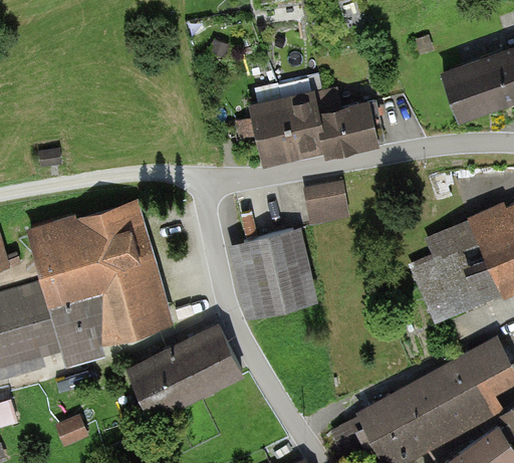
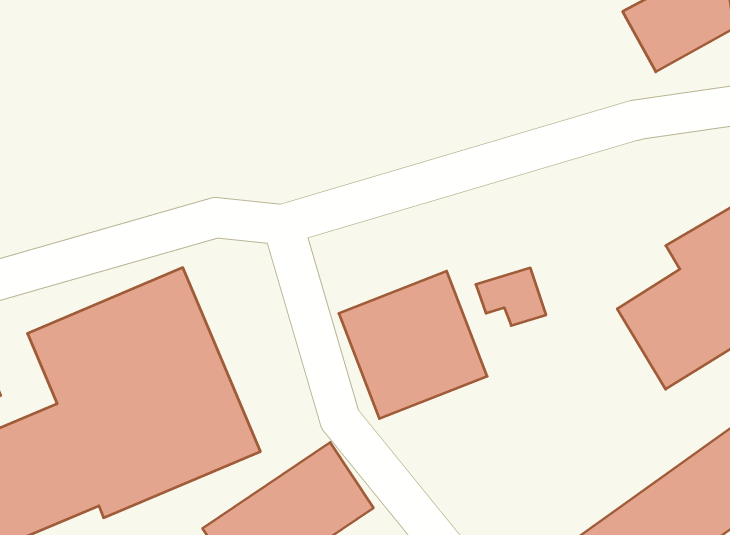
building: [249,75,381,162] -> none
building: [303,184,345,219] -> [476,268,546,326]

